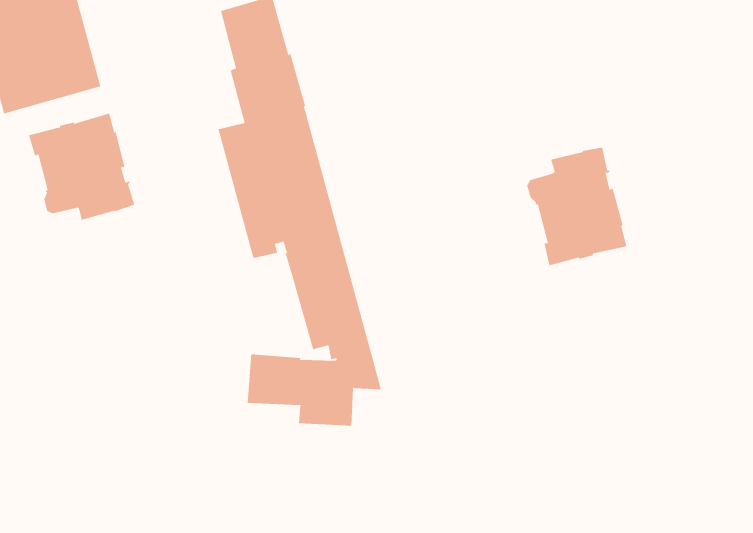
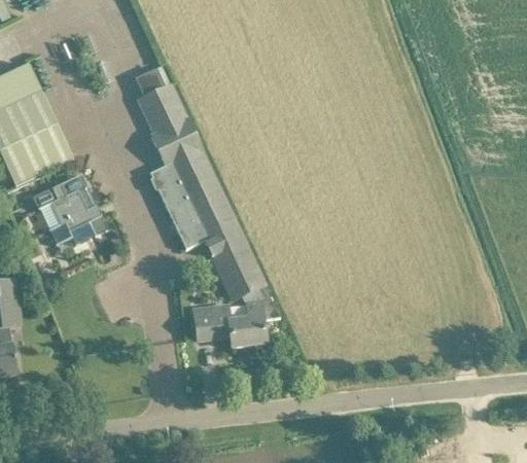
building: [526,147,627,266] -> none

